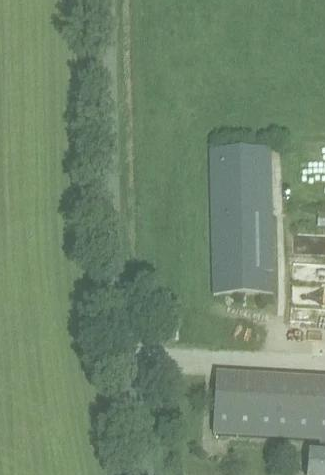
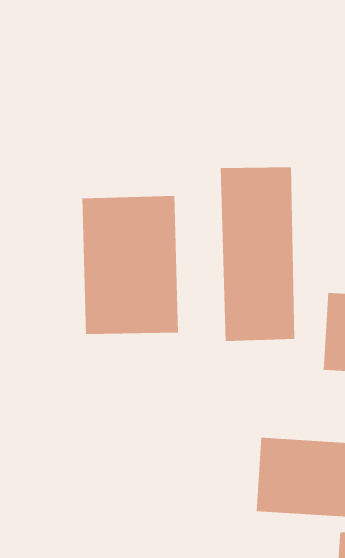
building: none -> [82,195,179,335]
building: [214,369,244,432] -> none

